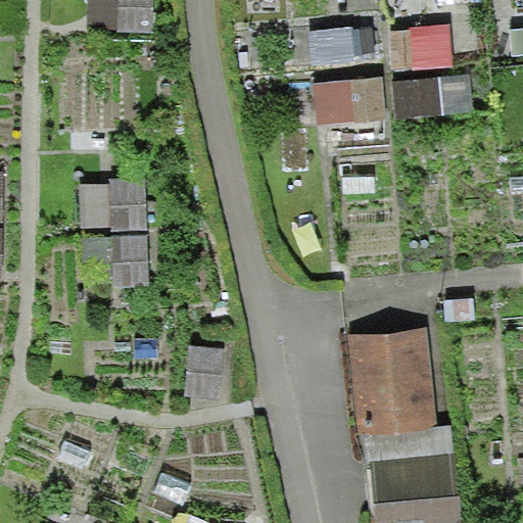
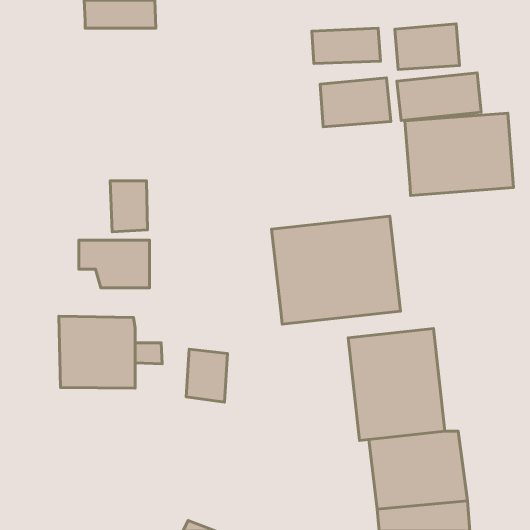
building: none -> [405,113,513,195]
building: none -> [272,216,400,324]
building: none -> [59,316,135,388]

